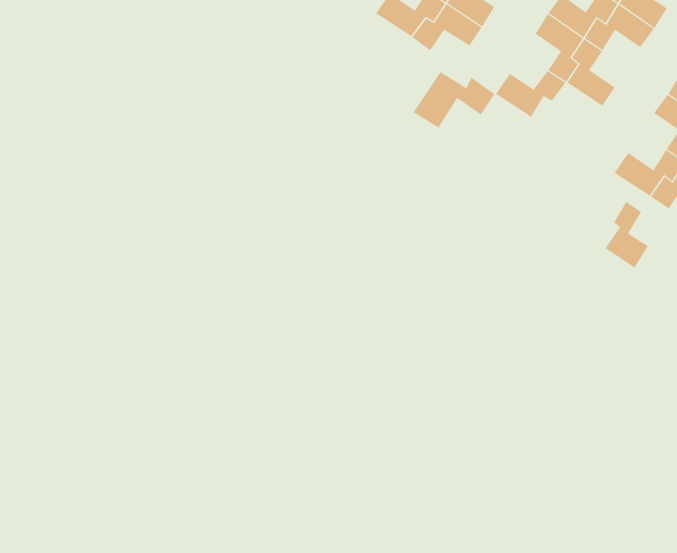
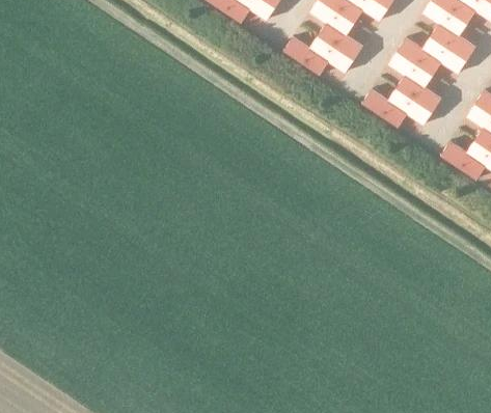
building: [413,71,495,129] -> none
building: none -> [387,94,434,126]
building: [605,201,649,268] -> none

